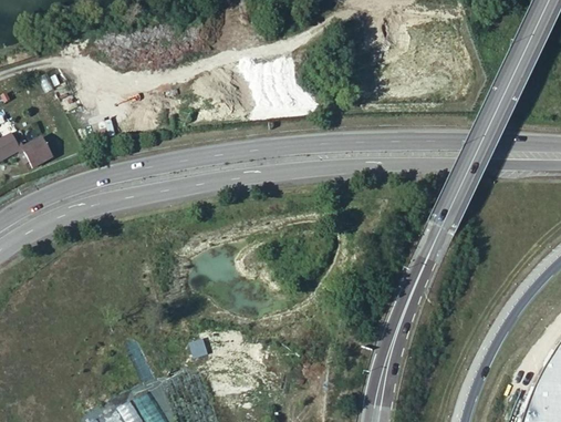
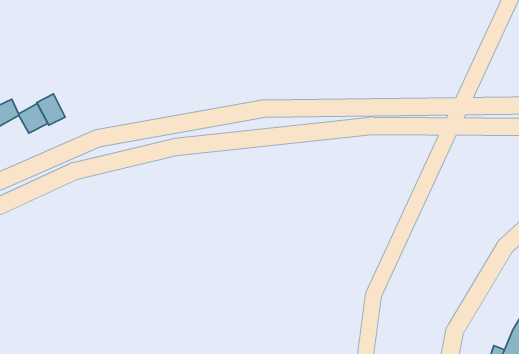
building: none -> [37,94,65,125]

